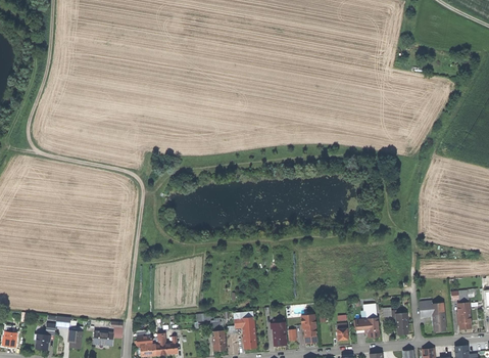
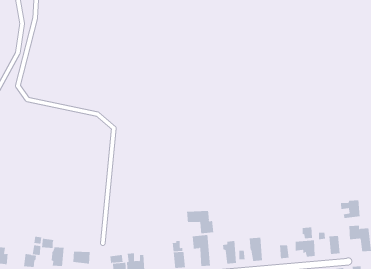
building: none -> [340,199,360,219]
building: none -> [186,210,214,234]

